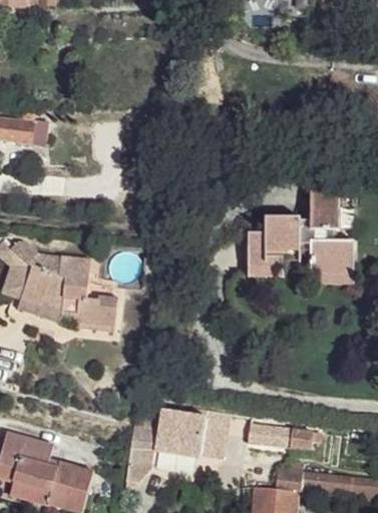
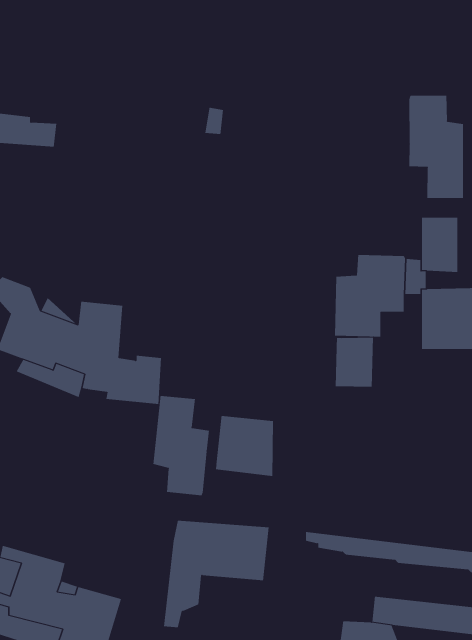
building: none -> [409,95,463,199]
building: none -> [335,337,373,388]
building: none -> [153,395,210,496]
building: none -> [215,415,274,477]

